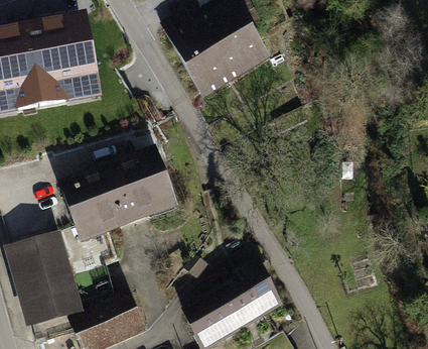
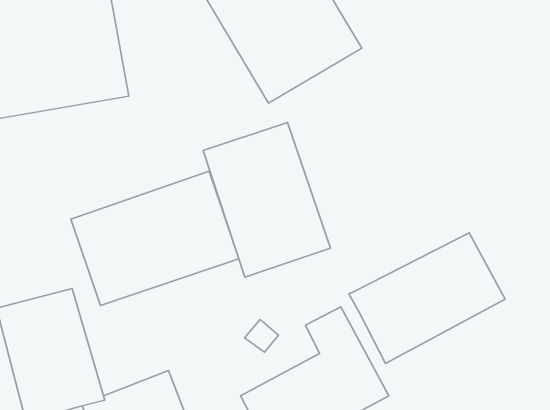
building: none -> [203,122,330,277]
building: none -> [349,233,505,364]

